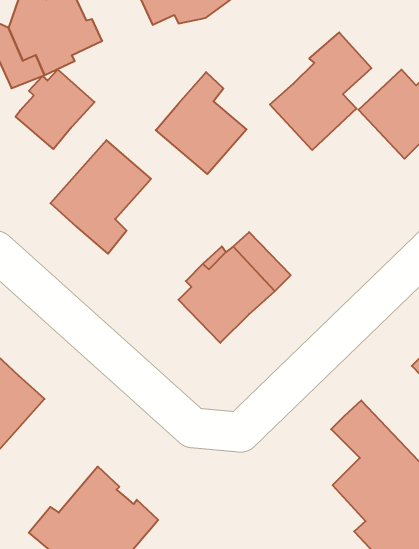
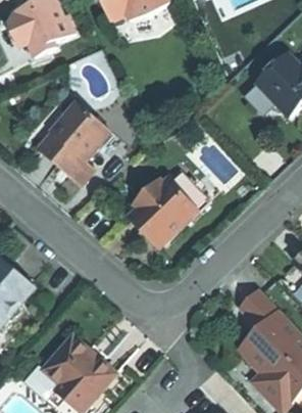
building: [270,32,371,150] -> none
building: [16,69,95,149] -> none
building: [156,72,247,174] -> none

